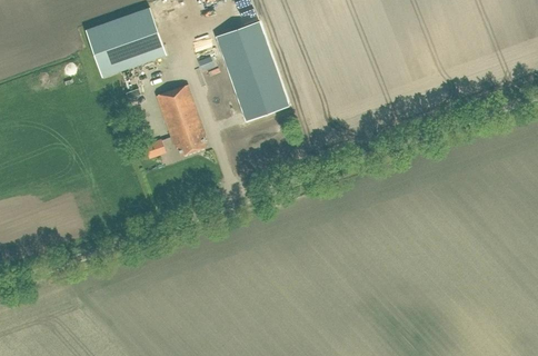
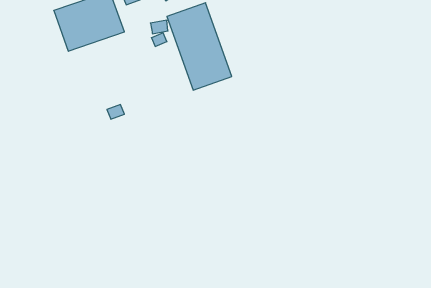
building: [156,85,206,156] -> none

